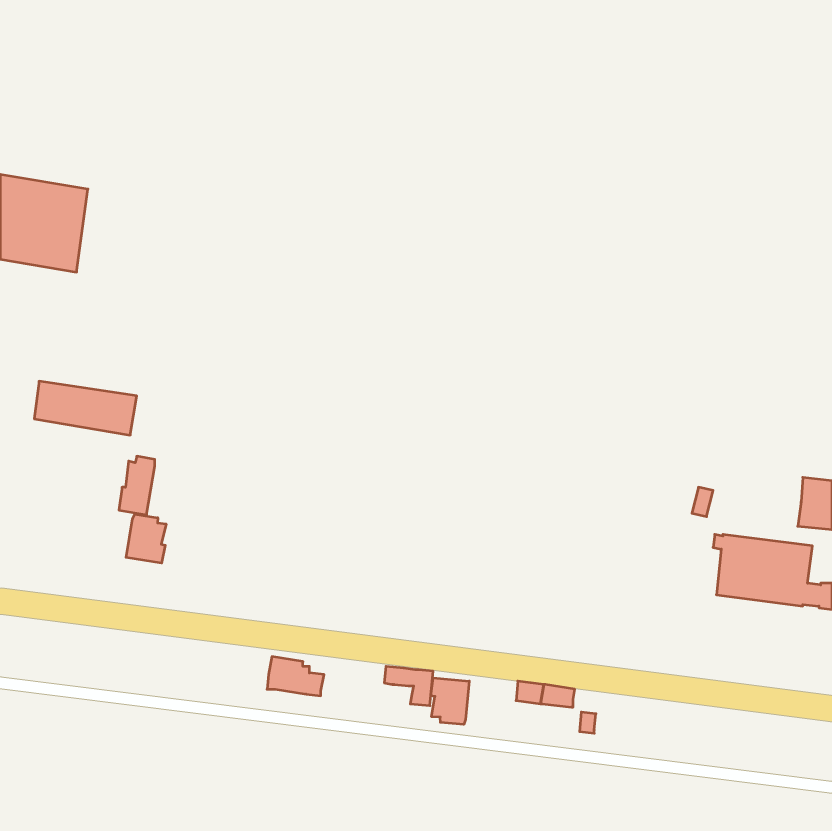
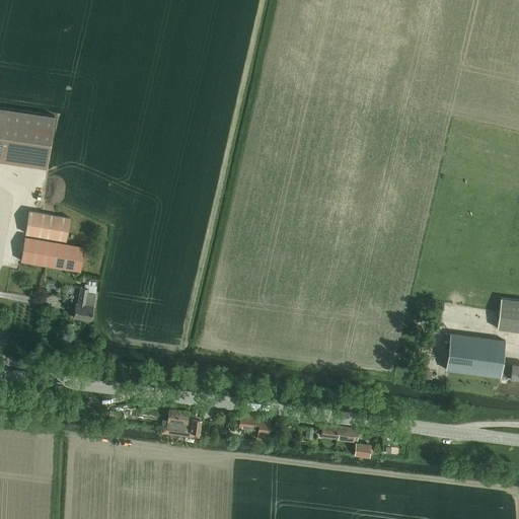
building: none -> [25,211,70,241]
building: [126,514,166,563] -> none
building: [431,678,469,724] -> none

